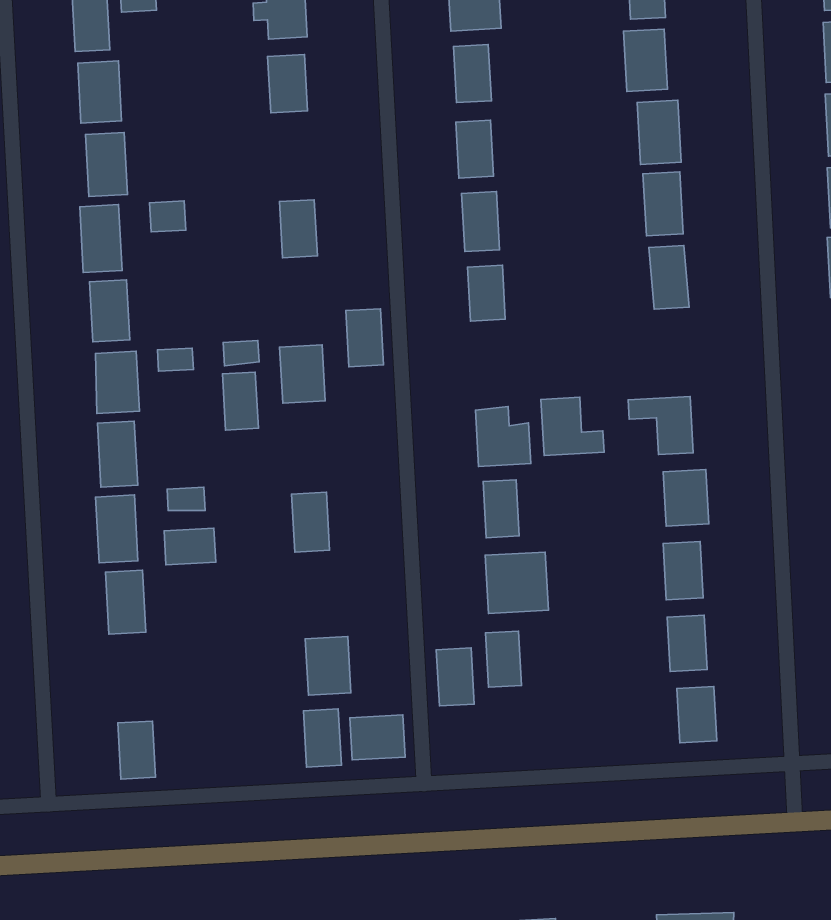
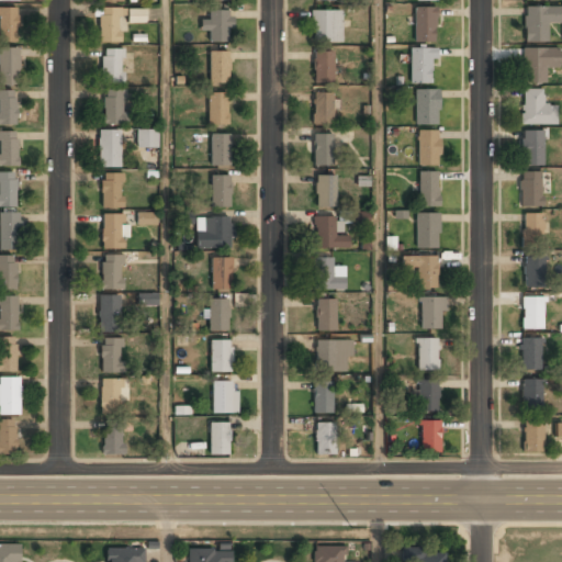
building: none -> [211,91,229,124]
building: [346,309,384,367] -> [213,173,233,205]
building: none -> [418,213,441,248]
building: [222,372,258,430] -> [214,257,233,289]
building: [541,397,604,456] -> [316,215,350,247]
building: [164,528,216,565] -> none
building: none -> [212,339,233,372]
building: none -> [102,378,123,412]
building: [436,648,474,706] -> [317,423,337,454]
building: [350,715,405,760] -> none

